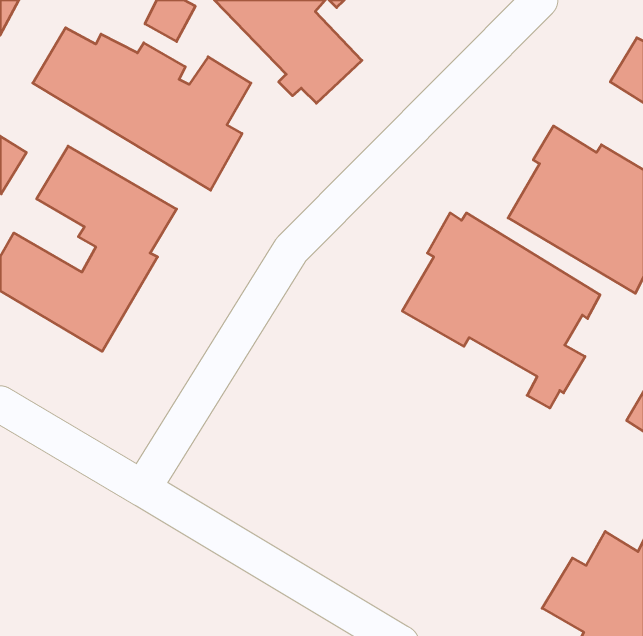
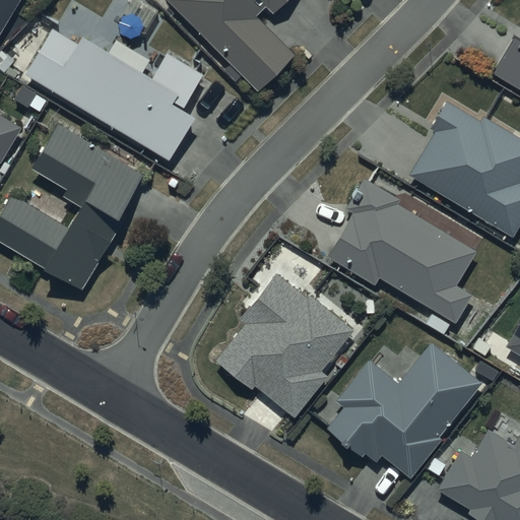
building: none -> [215,272,353,417]
building: none -> [326,341,481,479]

